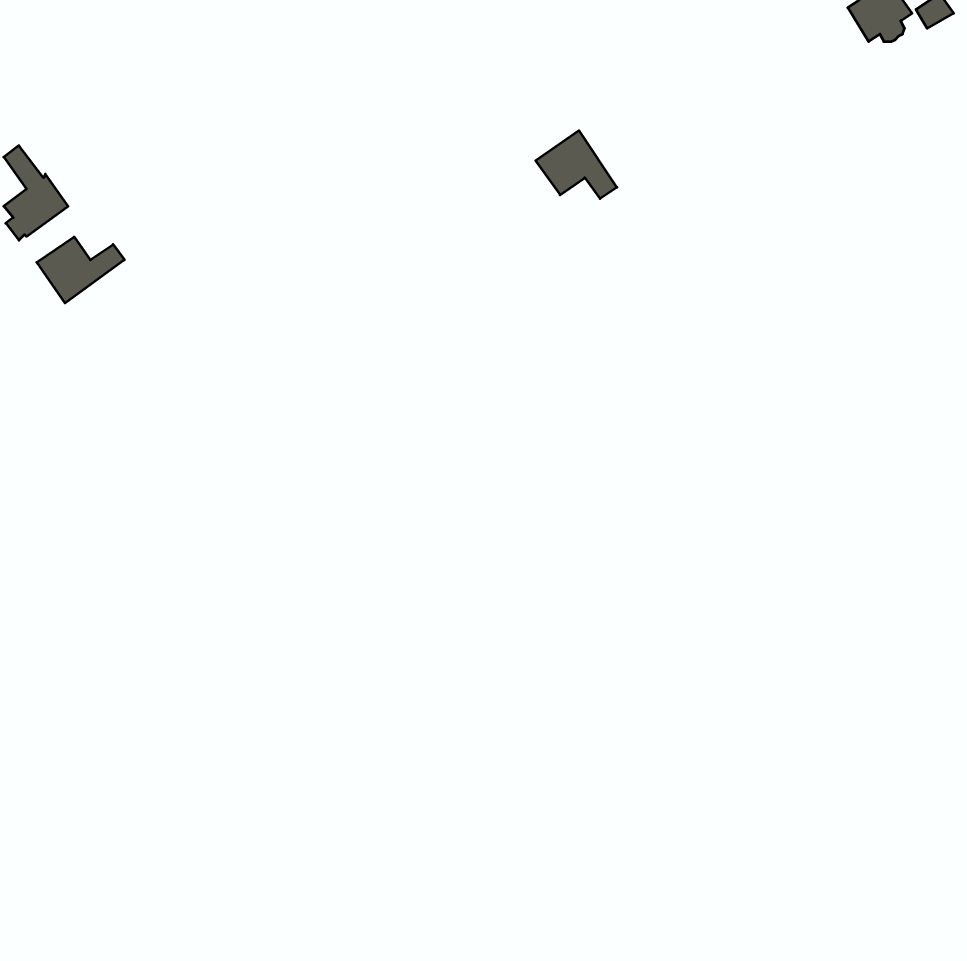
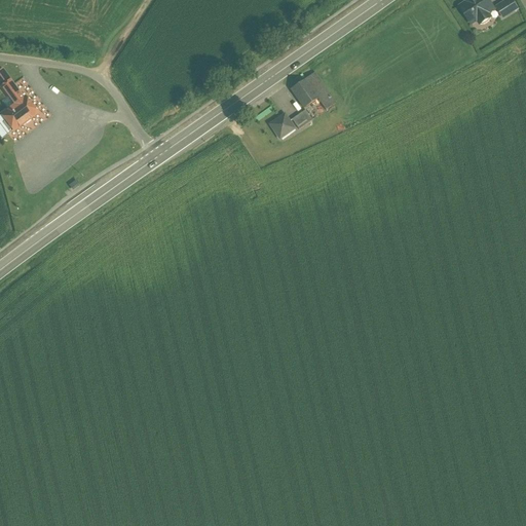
building: none -> [266,108,310,140]
building: [37,237,124,303] -> none

